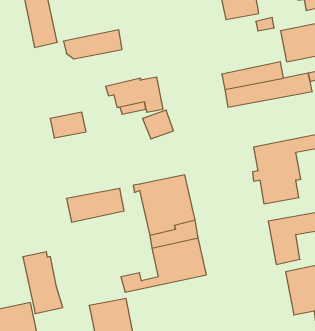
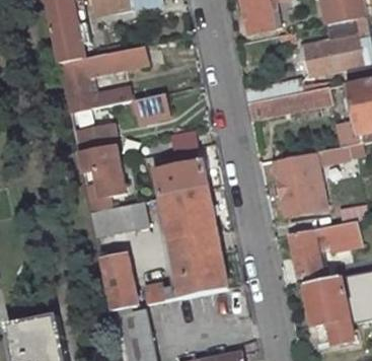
building: none -> [59,58,121,114]
building: none -> [78,145,124,198]
building: none -> [154,149,207,198]
building: [23,252,63,314] -> [99,250,139,311]

